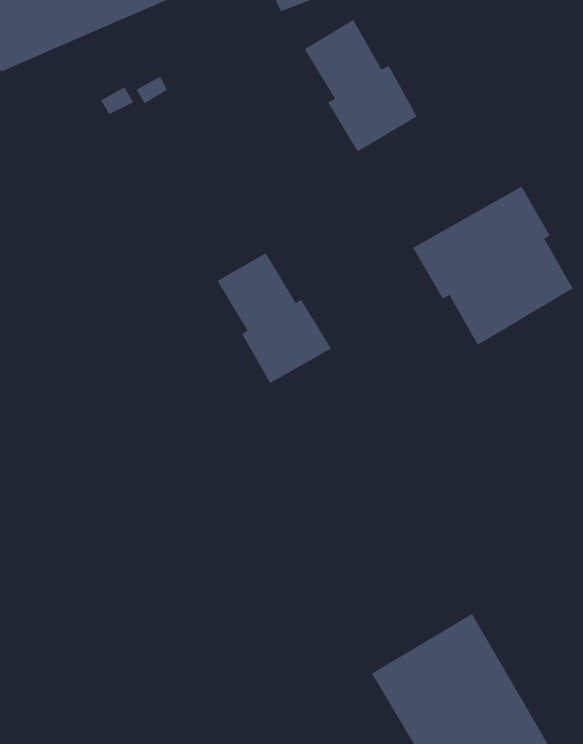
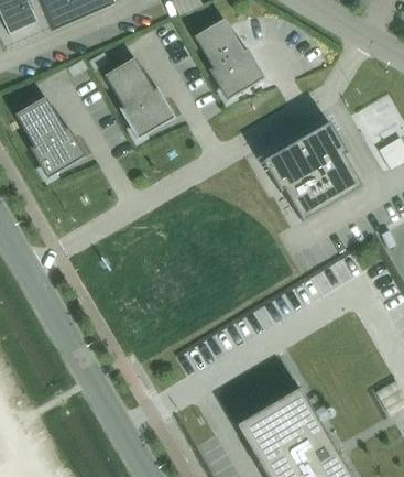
building: none -> [15,96,87,178]
building: [217,253,332,384] -> [105,57,176,139]

